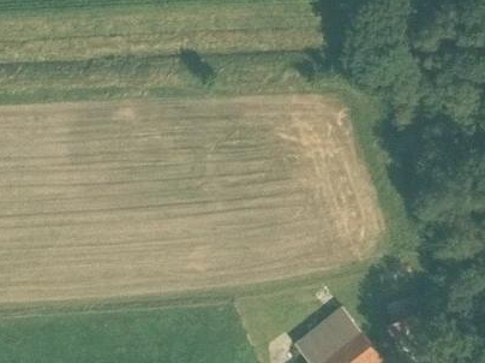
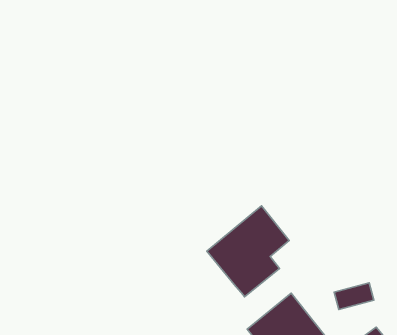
building: none -> [207,206,289,297]

